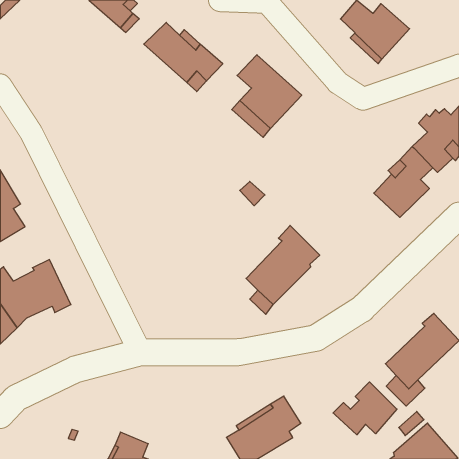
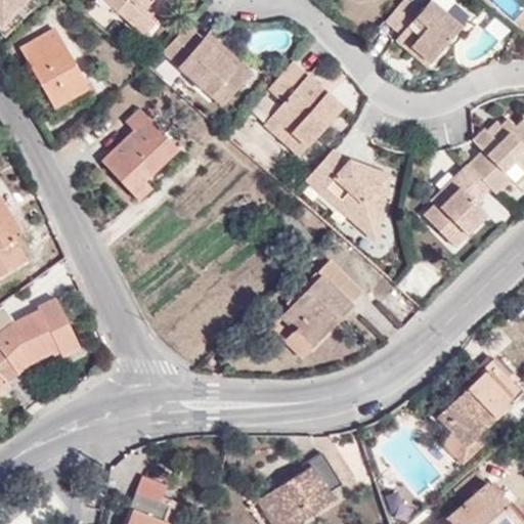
building: none -> [20,28,88,107]
building: none -> [101,107,179,200]
building: none -> [307,148,391,238]
building: [333,382,397,435] -> none

